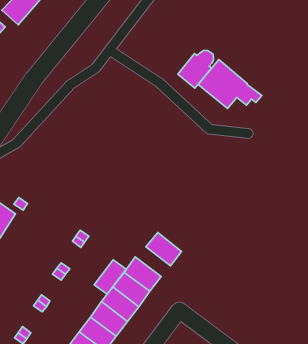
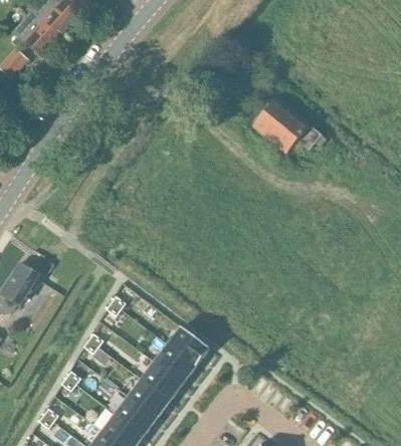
building: [178,50,213,88] -> none
building: [146,232,182,266] -> none
building: [94,260,126,294] -> none

